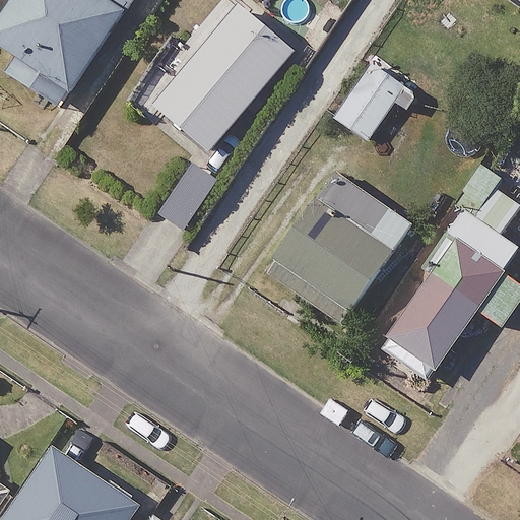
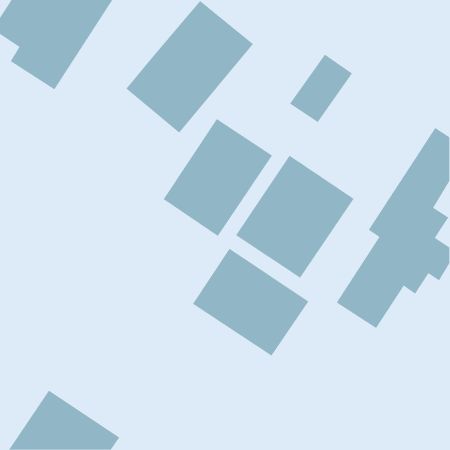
building: none -> [163,118,273,237]
building: none -> [192,248,309,357]

